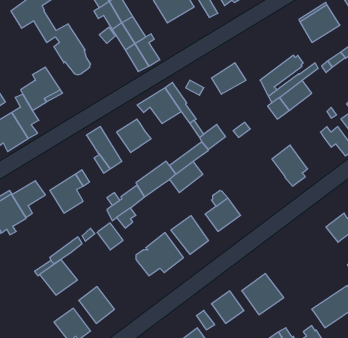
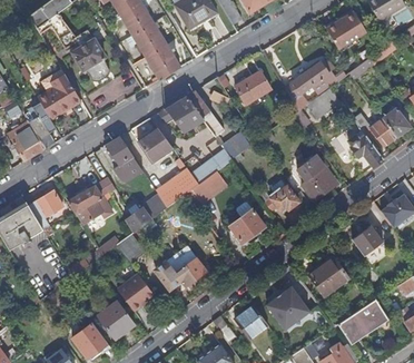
building: none -> [265,183,299,214]
building: [171,216,208,254] -> none
building: none -> [307,257,347,295]
building: [40,259,77,295] -> [117,274,156,311]

